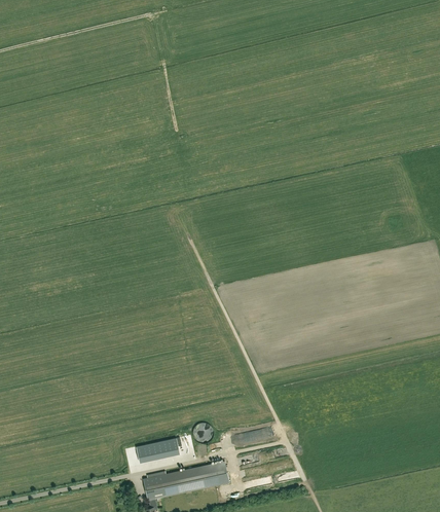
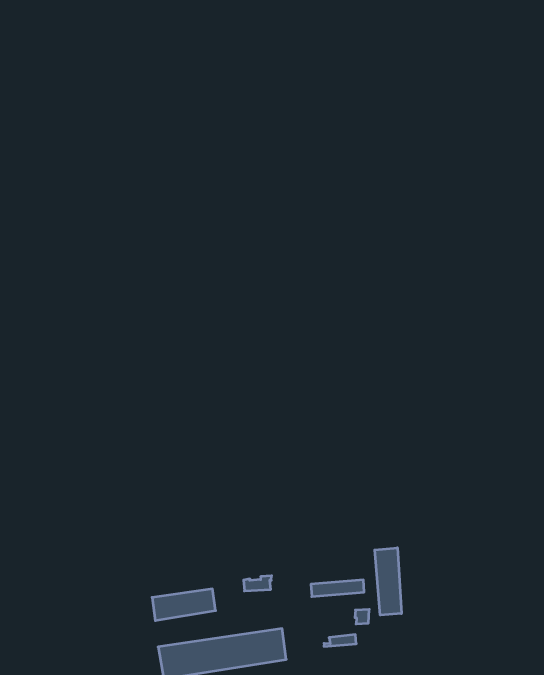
building: none -> [375,548,401,615]

